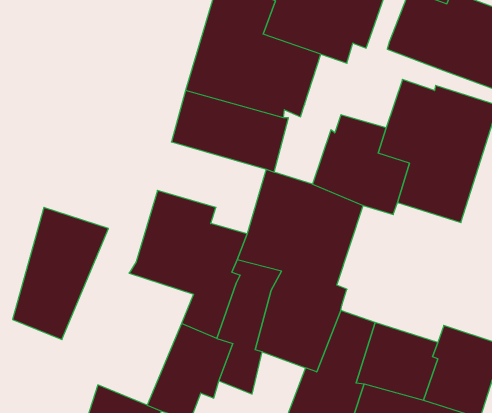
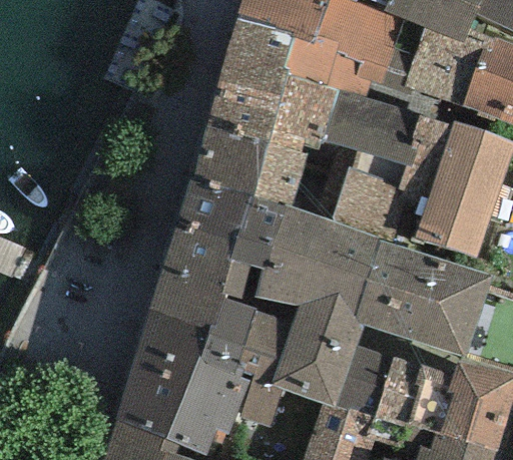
building: none -> [323,74,458,164]
building: none -> [176,178,285,270]
building: none -> [355,242,491,357]
building: [13,207,108,340] -> [117,309,212,440]

